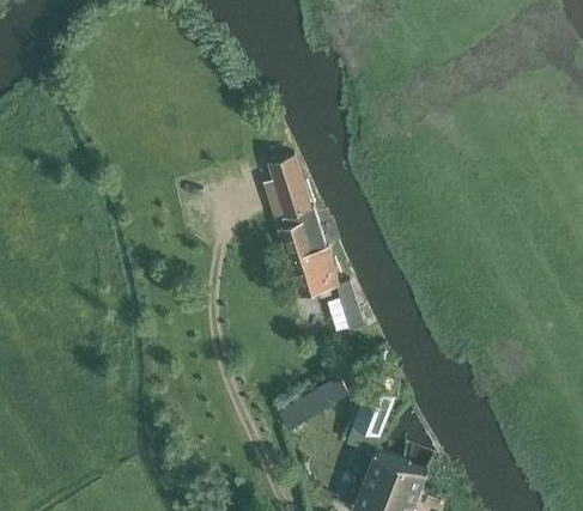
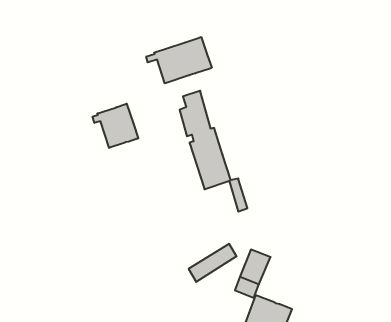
building: none -> [146,37,212,83]
building: none -> [93,104,138,148]

